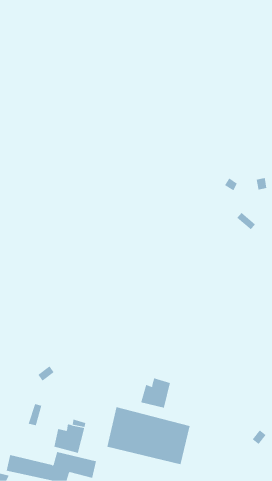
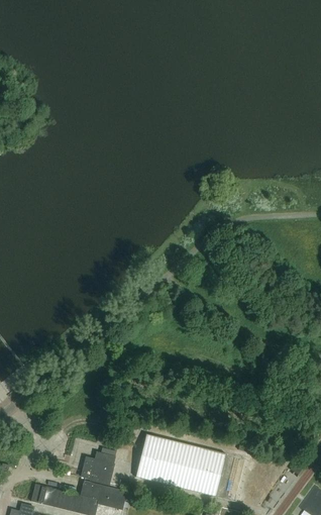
building: [140,377,170,408] -> none

